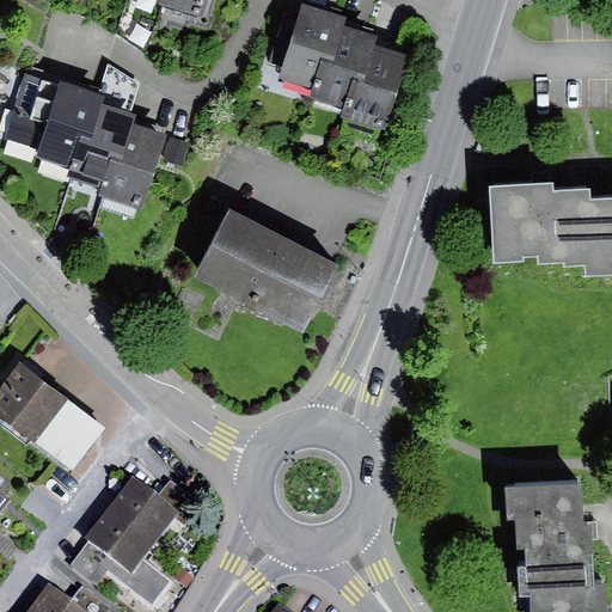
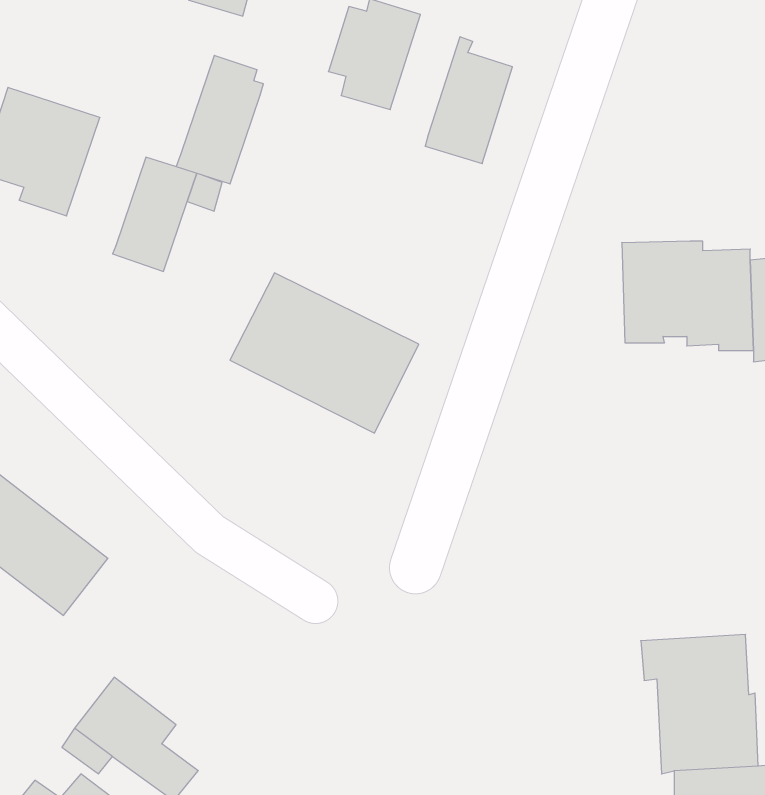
building: [311,14,369,105] -> none
building: [67,92,133,189] -> [176,55,263,184]
building: [106,484,191,550] -> none

